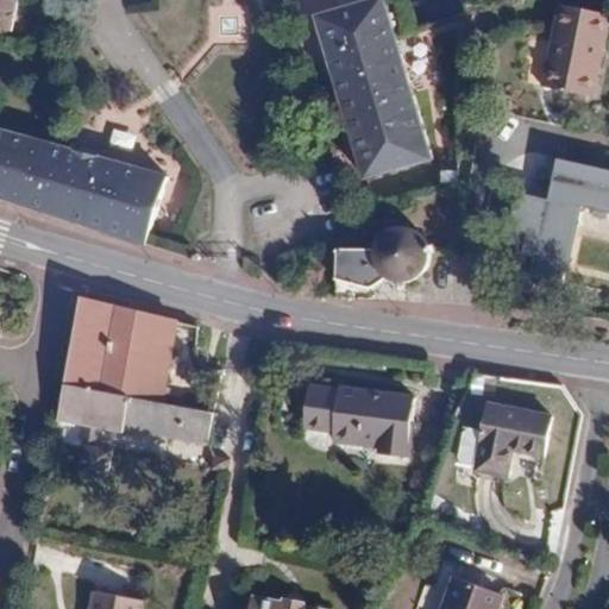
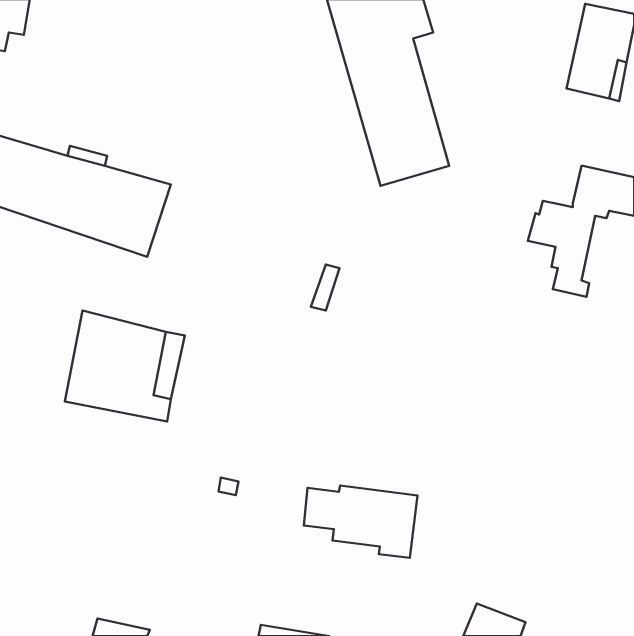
building: [333,227,426,299] -> none
building: [55,383,211,479] -> none
building: [304,388,413,457] -> [304,485,417,558]
building: [475,402,550,476] -> none

